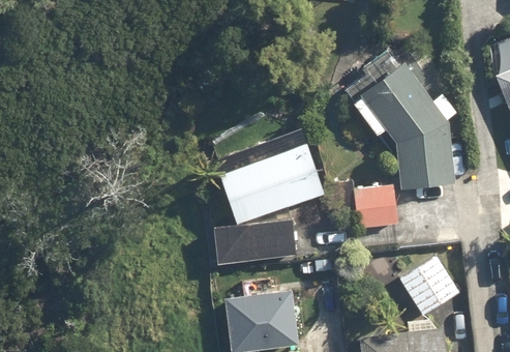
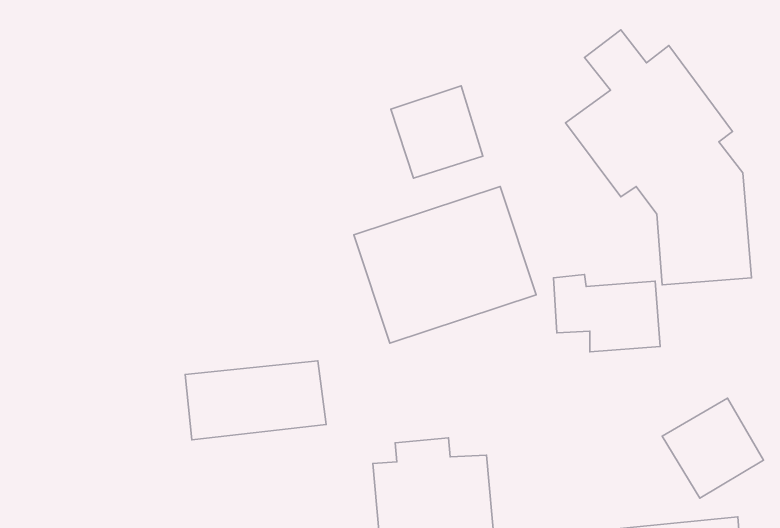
building: none -> [391,86,483,178]
building: [212,217,297,265] -> [185,361,326,440]

